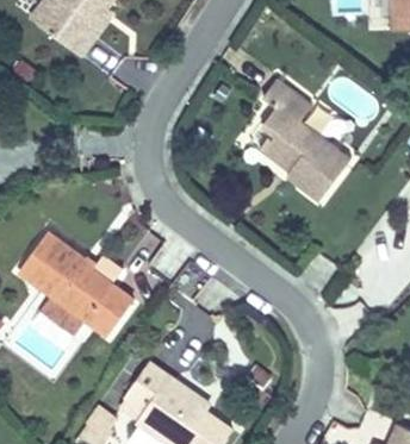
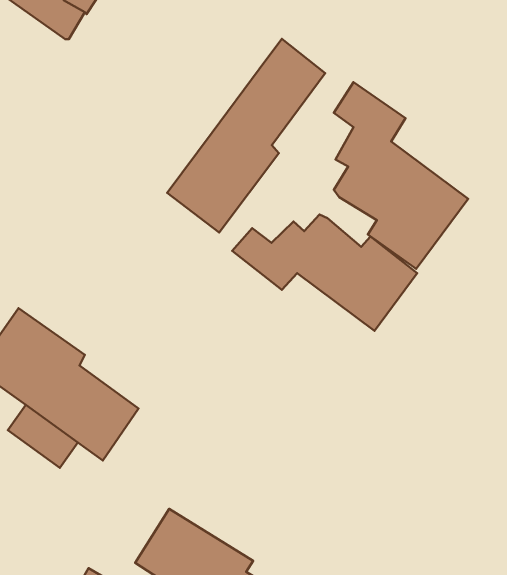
building: none -> [167,39,325,233]
building: none -> [232,215,417,331]

